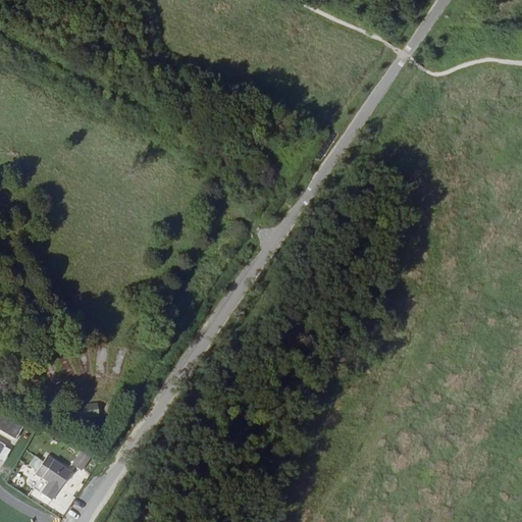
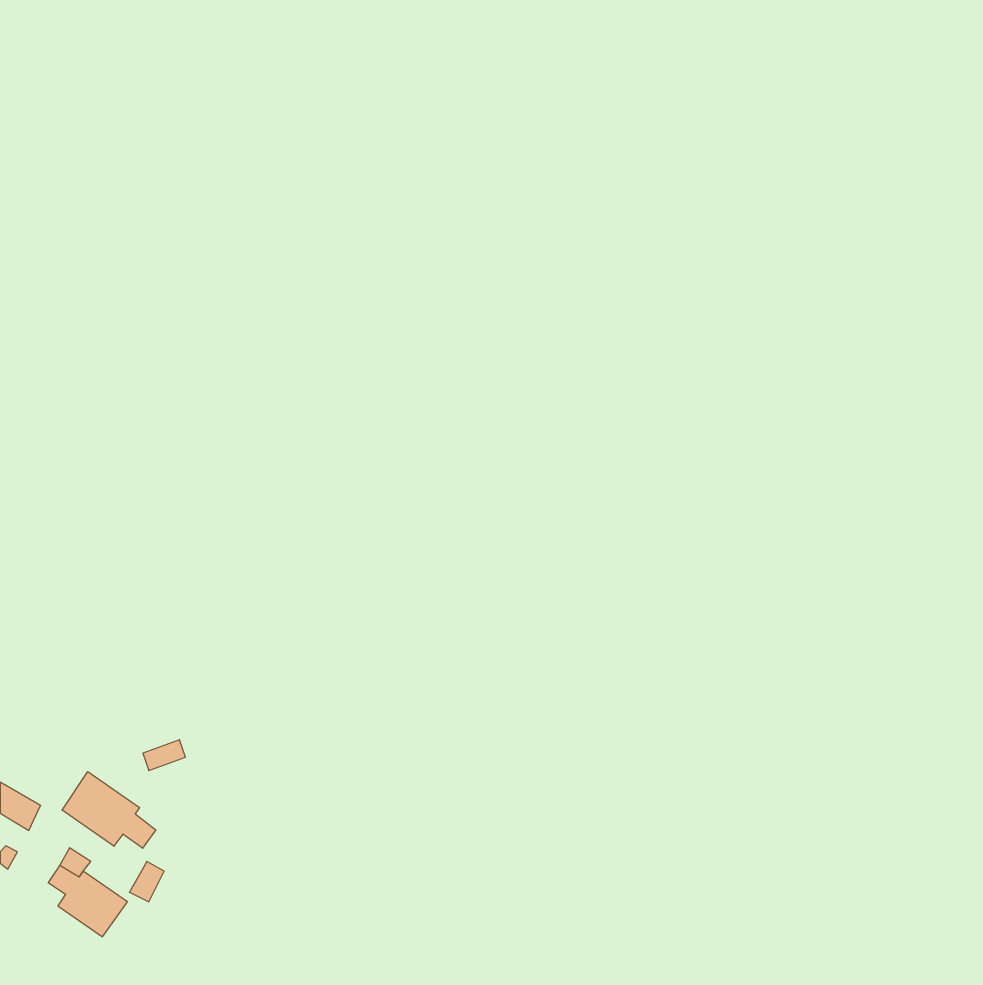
building: none -> [62,772,156,848]

